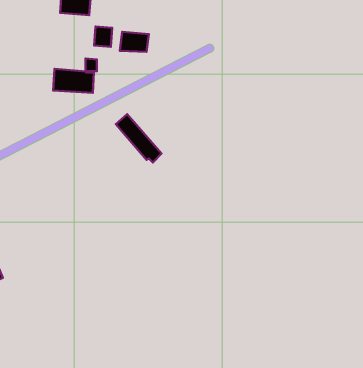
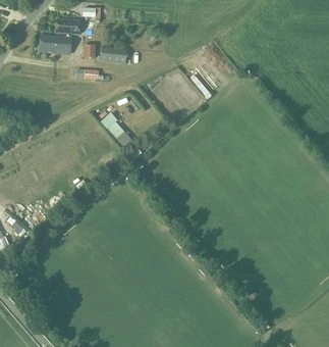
building: [53,69,94,93] -> [39,34,71,53]

